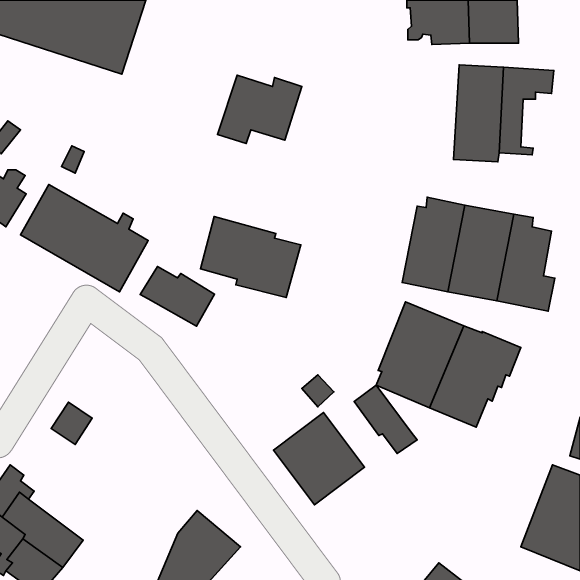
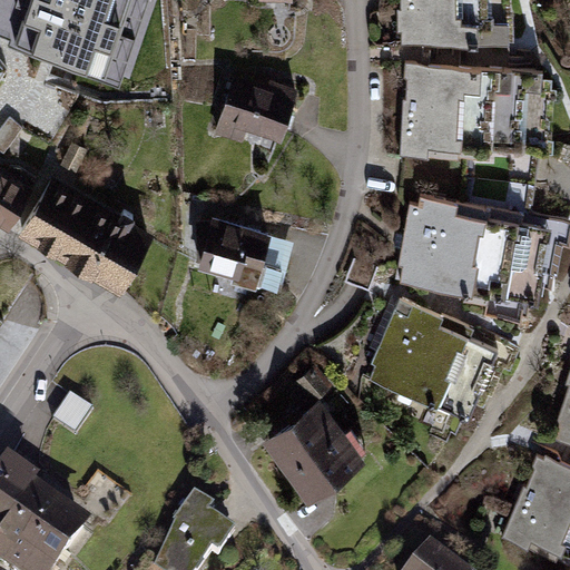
building: none -> [397,62,449,158]
building: [140,266,215,326] -> none
building: [354,385,417,453] -> none

